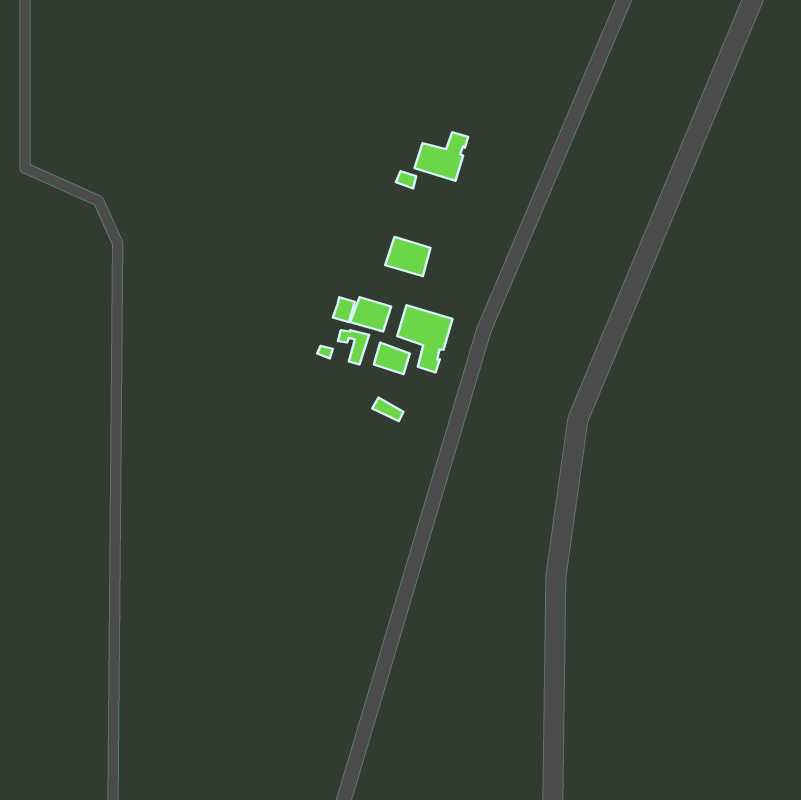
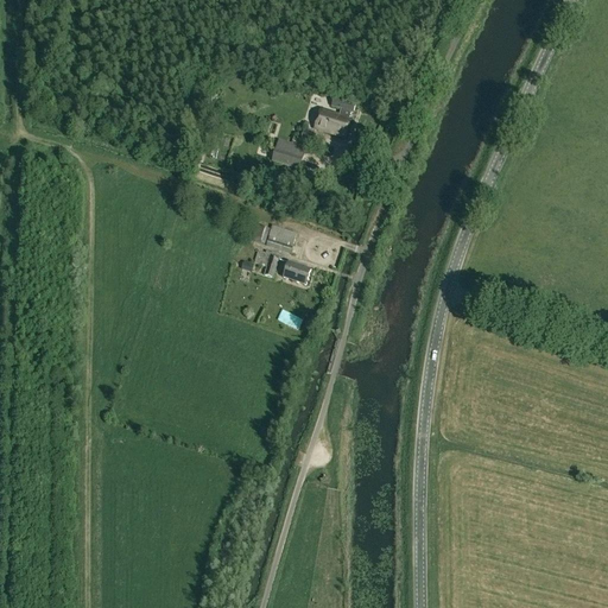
building: [385,237,431,276] -> [271,138,305,167]
building: [397,305,453,372] -> none

